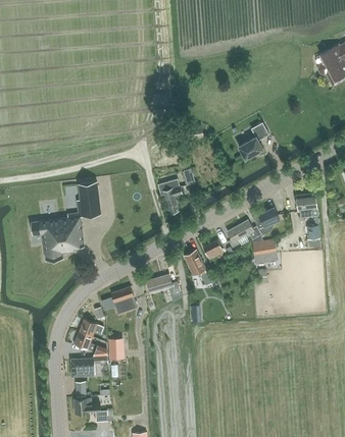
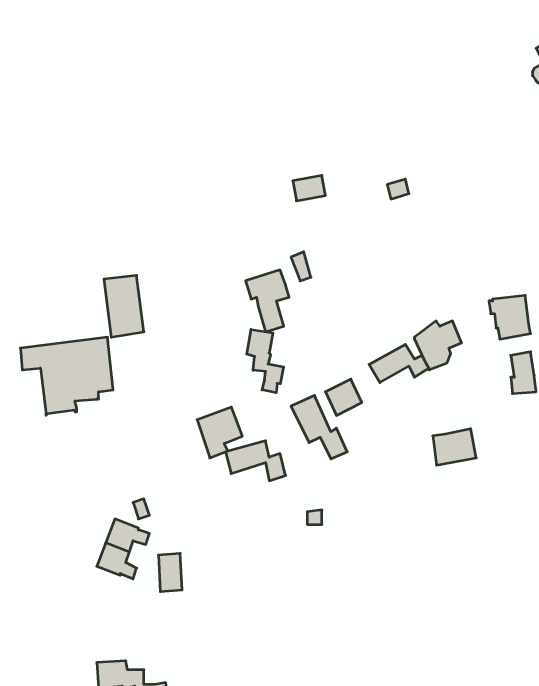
building: [239,123,269,160] -> none
building: none -> [247,329,284,393]
building: [253,239,278,260] -> [433,429,476,465]
building: [111,286,137,315] -> [197,407,242,458]
building: [71,356,109,377] -> none

